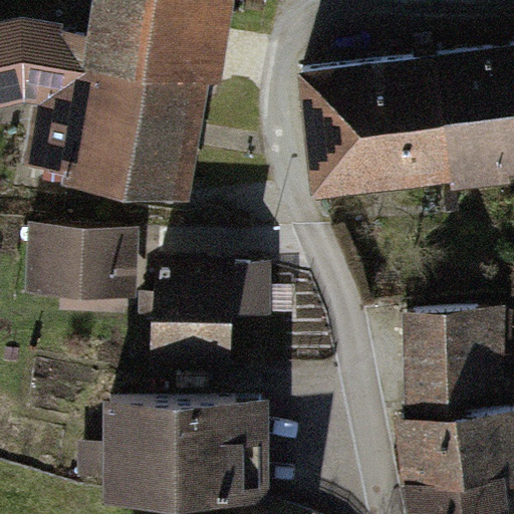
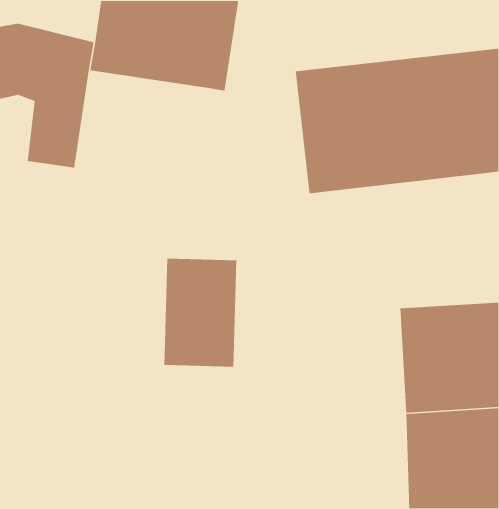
building: [73,71,209,203] -> none
building: [26,232,136,297] -> none
building: [108,400,266,508] -> none

